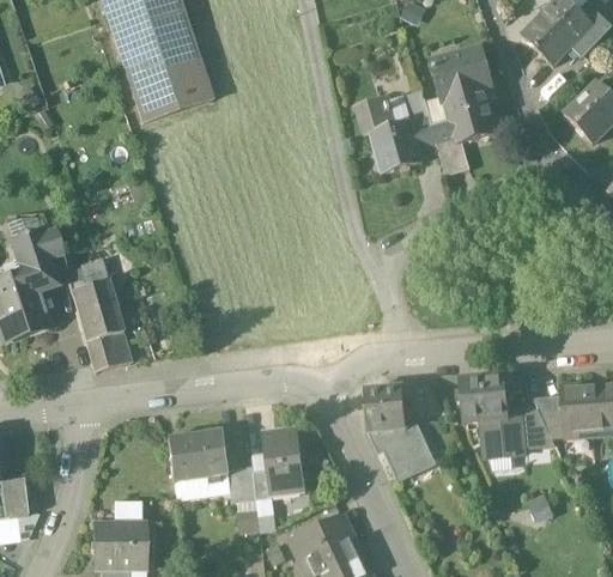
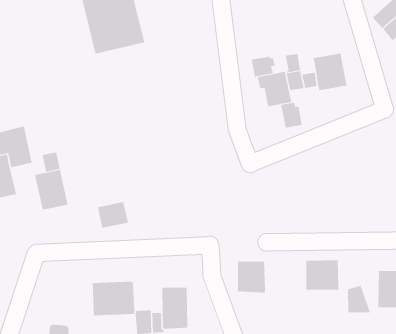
building: [432,45,491,101] -> none
building: [436,136,469,174] -> [280,102,303,128]
building: [89,332,134,371] -> [97,202,129,228]
building: [481,414,524,455] -> none
building: [376,421,435,480] -> none

